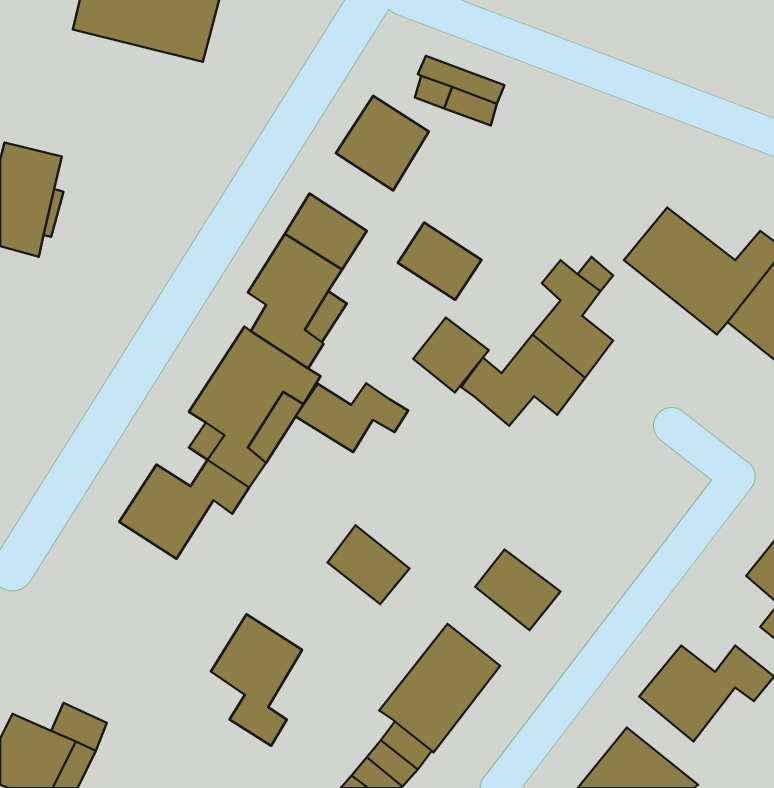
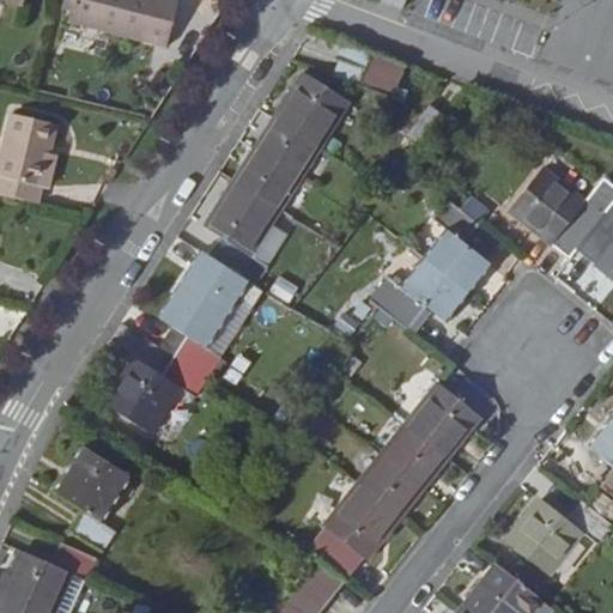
building: [398,223,482,300] -> [253,119,317,178]
building: [413,318,489,392] -> none
building: [295,383,408,452] -> none
building: none -> [403,383,479,457]
building: [327,525,410,604] -> [359,454,423,515]
building: [211,614,302,746] -> [56,449,127,551]

